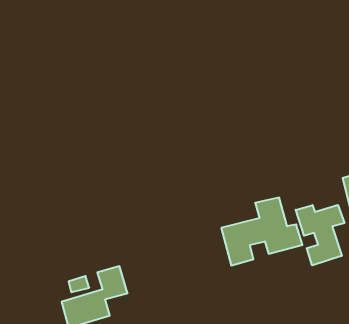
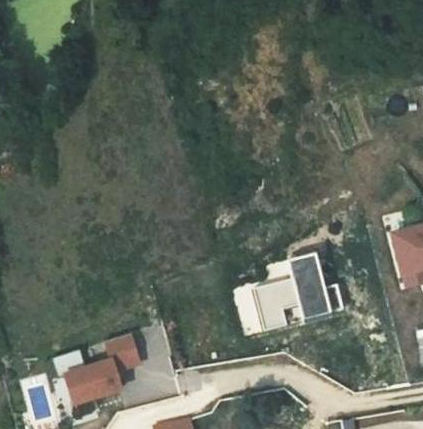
building: [296,205,344,265] -> none

